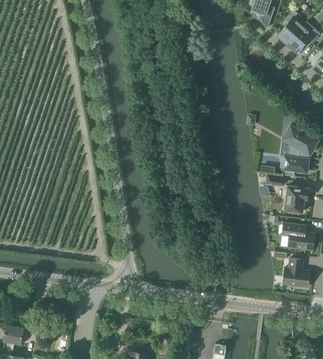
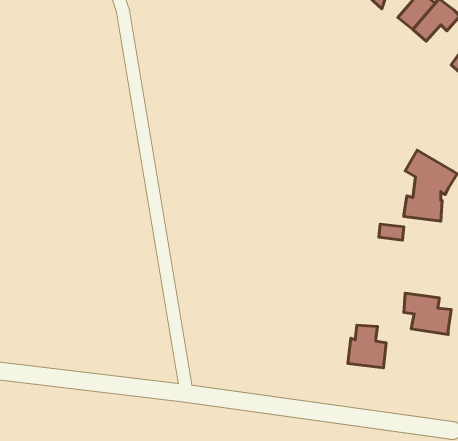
building: [285,186,309,215] -> none
building: [284,259,310,288] -> [348,325,386,368]

